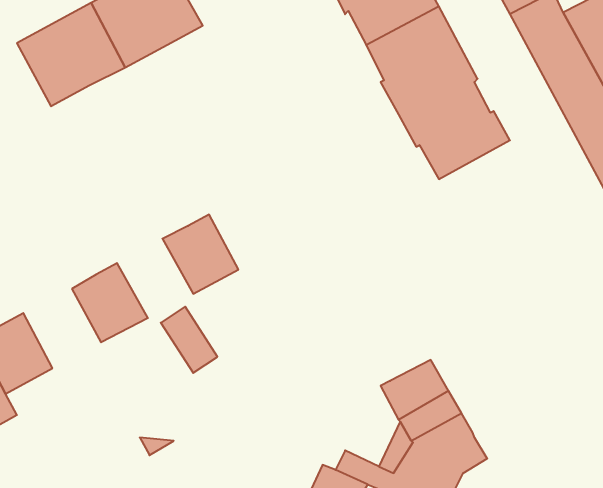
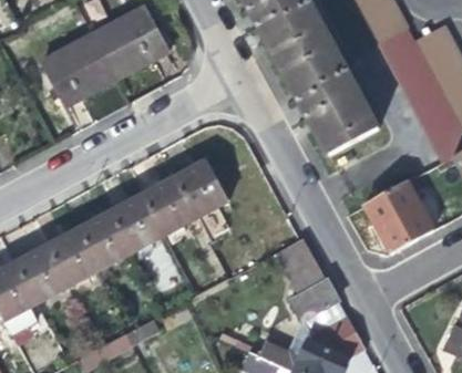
building: none -> [173,160,228,216]
building: none -> [363,179,434,252]
building: none -> [110,195,162,249]
building: none -> [45,229,99,283]
building: none -> [274,237,325,292]

